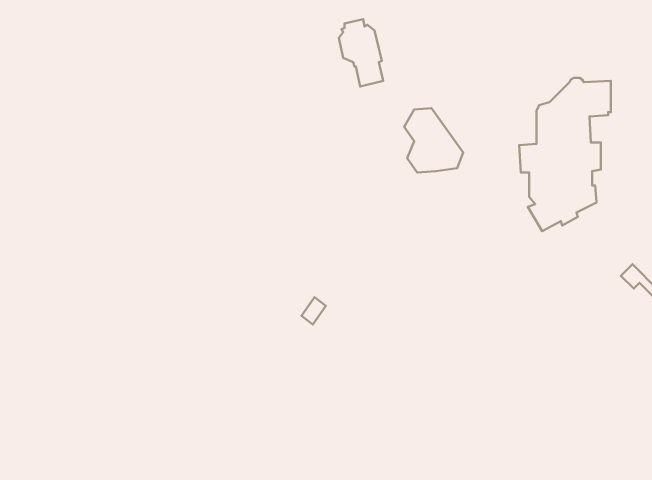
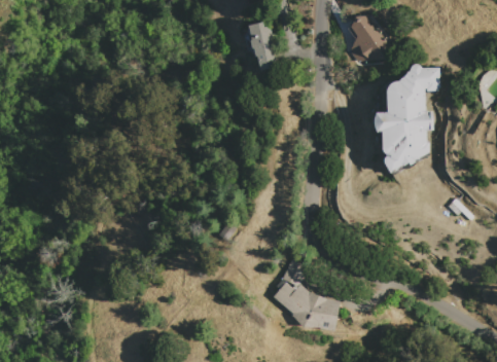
building: [404,108,463,173] -> [348,14,390,61]
building: none -> [274,258,340,330]

